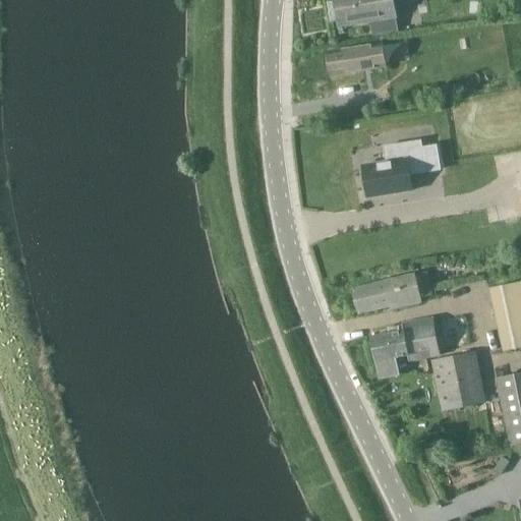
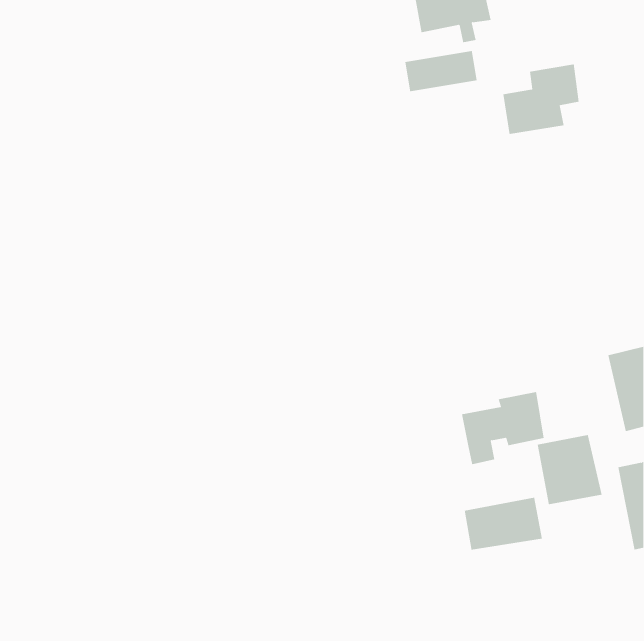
building: [363,139,425,196] -> [503,64,579,134]
building: [354,270,435,312] -> none
building: none -> [464,497,543,550]

